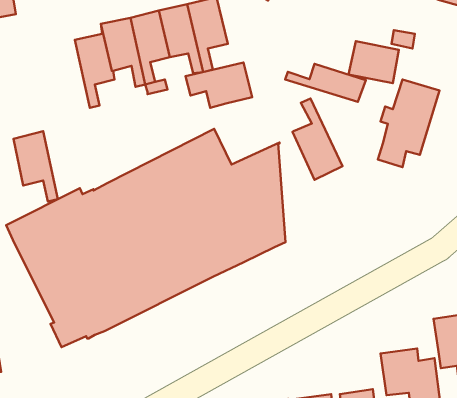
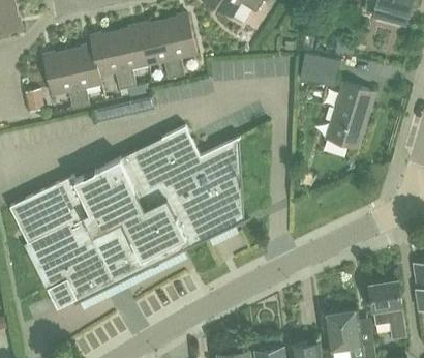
building: [185,63,252,108] -> none
building: [285,64,366,102] -> none
building: [292,98,342,180] -> none
building: [13,131,58,202] -> [43,51,81,110]

